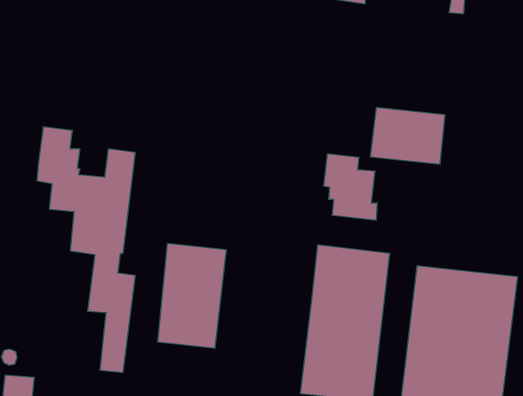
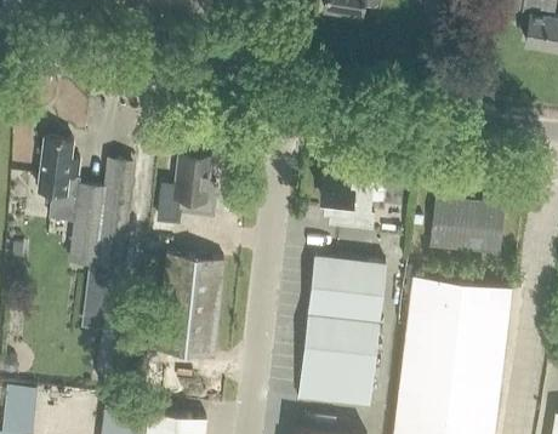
building: [370,108,445,164] -> [429,199,503,255]
building: none -> [158,154,216,223]

